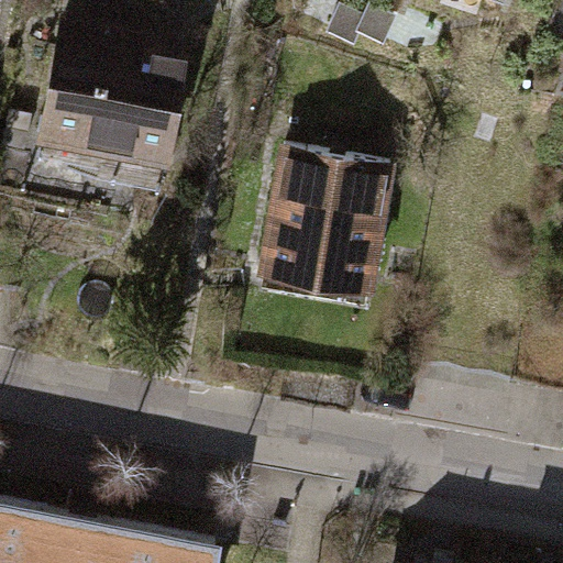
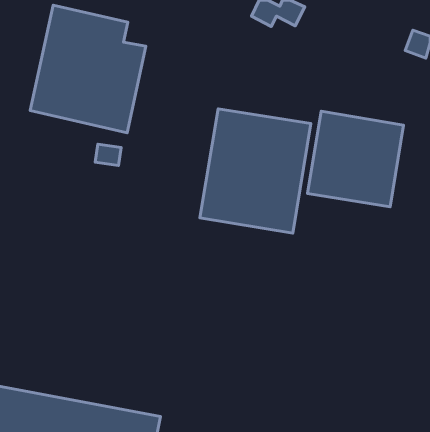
building: none -> [308,111,403,207]

